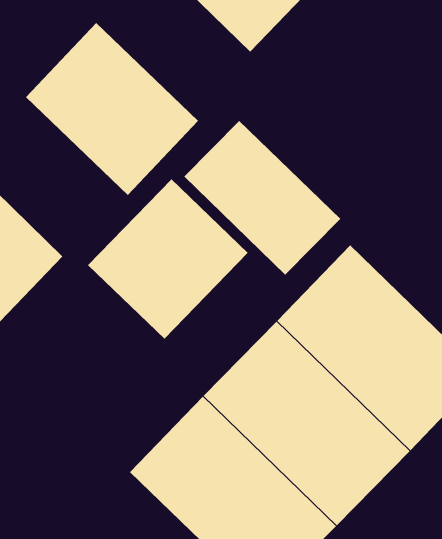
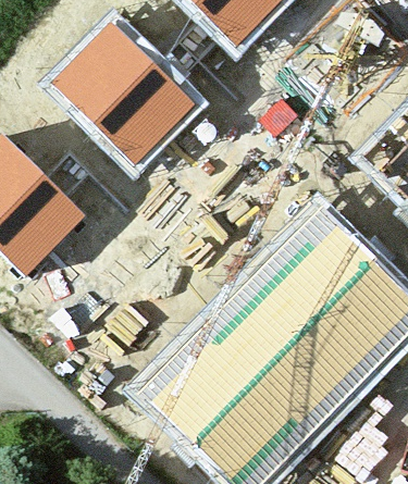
building: [184,120,341,275] -> none
building: [87,179,249,340] -> none

